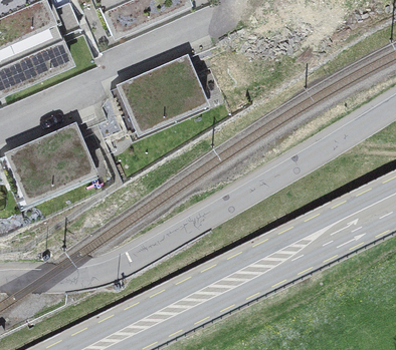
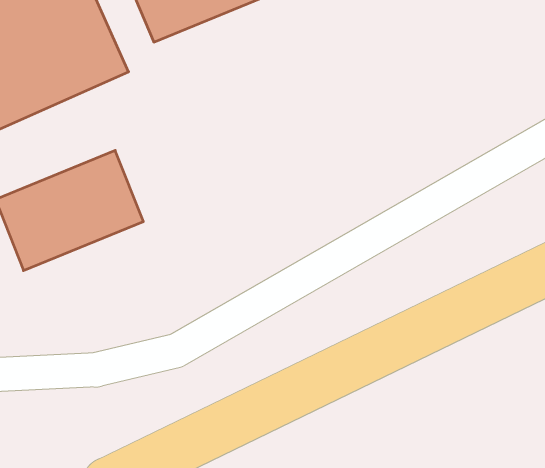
building: [114,50,206,129] -> none

